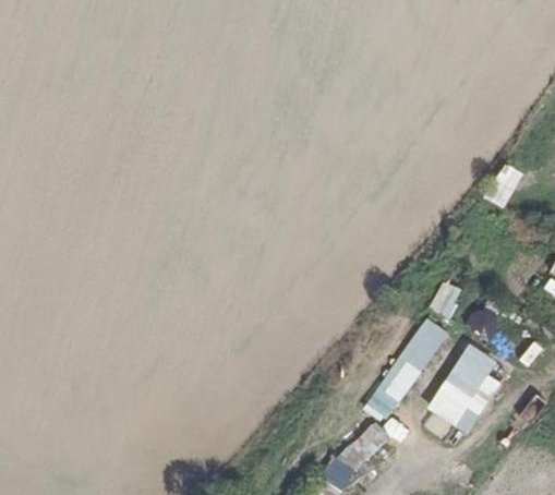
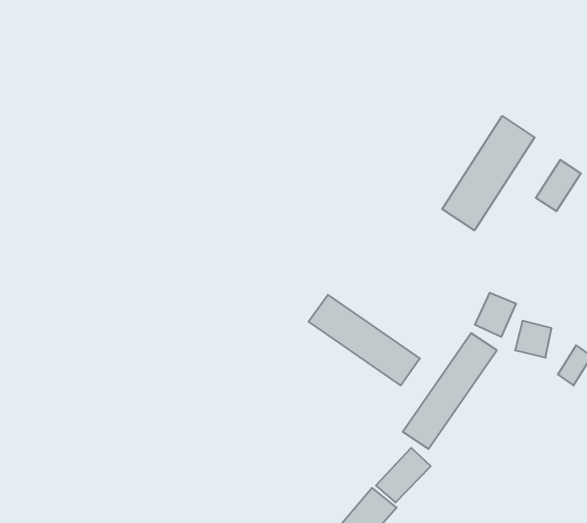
building: none -> [442,116,535,230]
building: none -> [309,295,420,385]
building: [427,343,498,434] -> none

